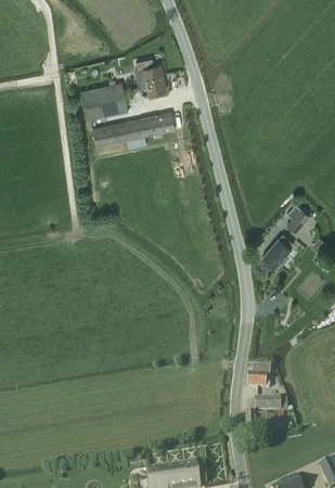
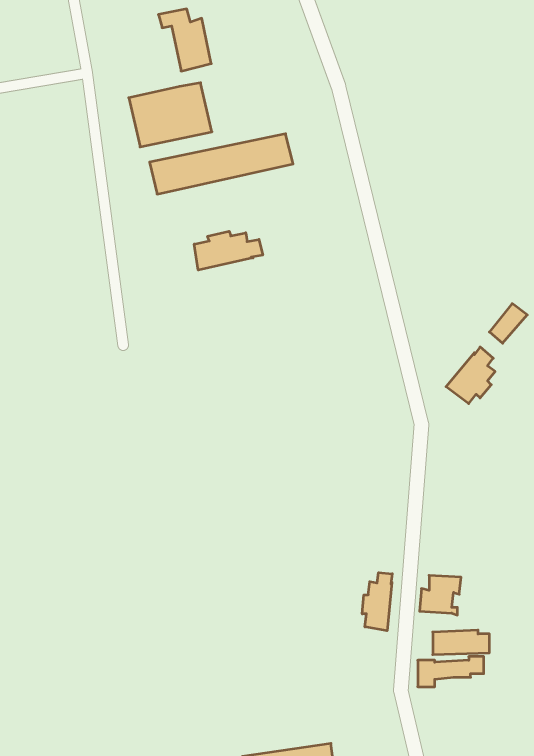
building: [136,59,166,94] -> [158,9,211,71]
building: none -> [194,231,263,270]
building: none -> [362,573,392,631]

